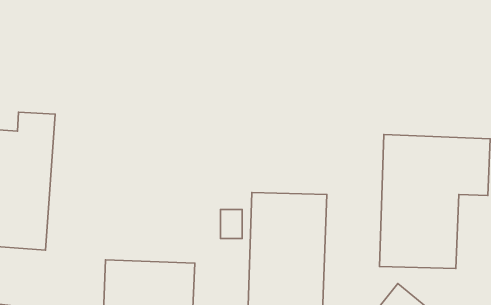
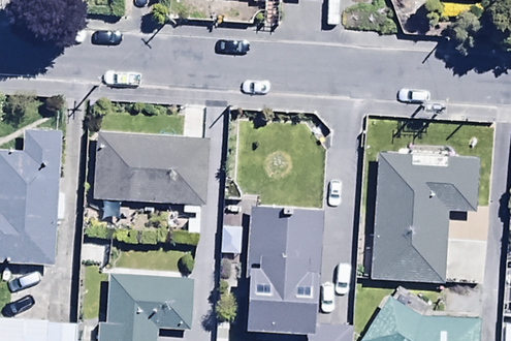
building: none -> [94,129,211,202]

